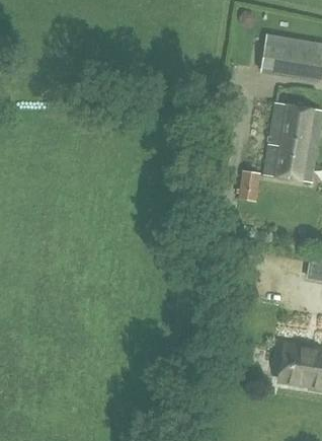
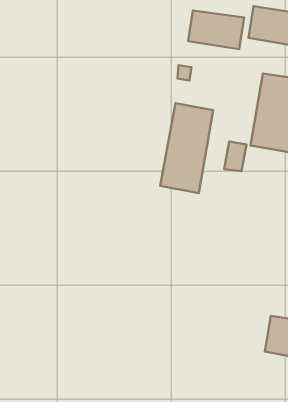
building: none -> [188,10,244,49]
building: none -> [160,103,213,193]

